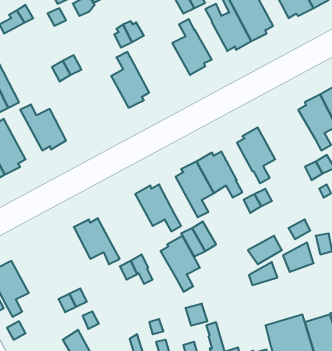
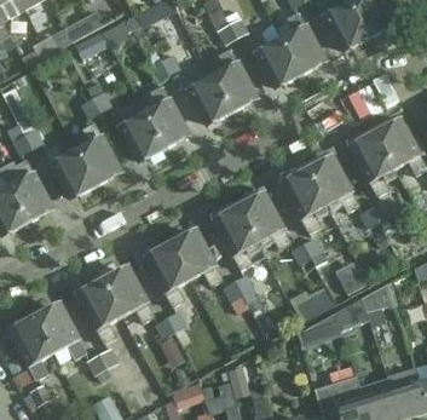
building: none -> [181,70,232,121]
building: none -> [114,107,165,159]
building: none -> [77,122,120,184]
building: none -> [307,159,359,211]
building: none -> [80,280,122,341]
building: [160,236,200,292] -> [148,243,191,305]
building: none -> [35,306,86,357]

